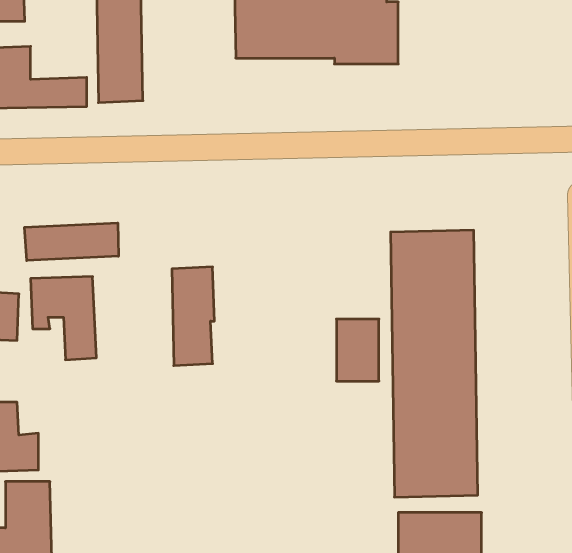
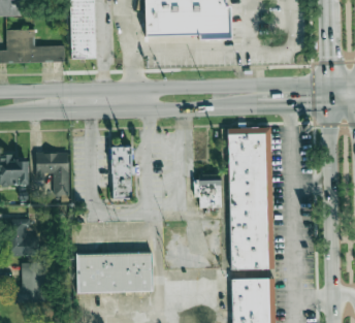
building: [25,223,118,261] -> none
building: none -> [76,253,152,293]

